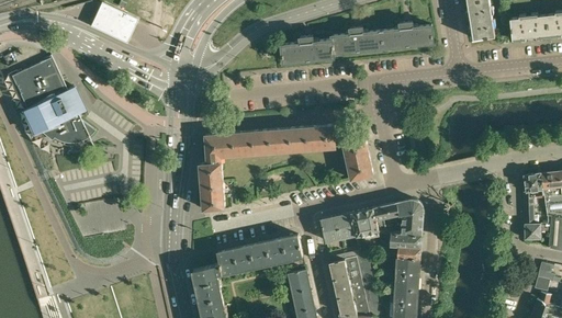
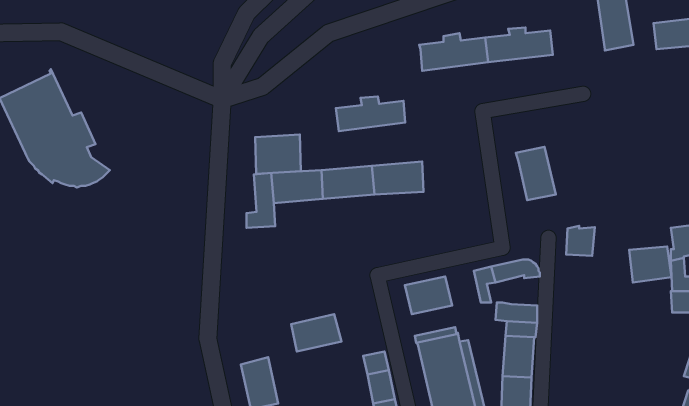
building: [90,9,136,45] -> none
building: [281,36,334,63] -> [336,97,405,131]
building: none -> [255,134,301,174]
building: [342,139,373,180] -> [516,147,556,200]
building: [200,174,224,209] -> none
building: none -> [629,246,672,283]
building: [351,208,379,239] -> none
building: [402,212,424,235] -> [566,226,595,256]
building: [267,235,303,262] -> none
building: [193,249,236,280] -> none

